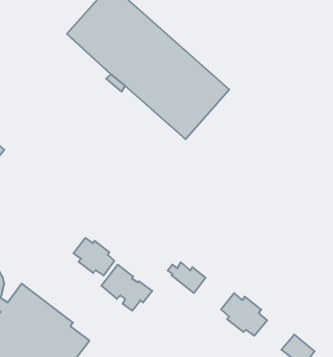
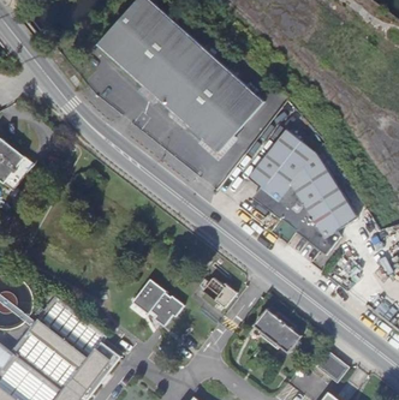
building: none -> [249,131,353,251]
building: [73,238,114,276] -> none

